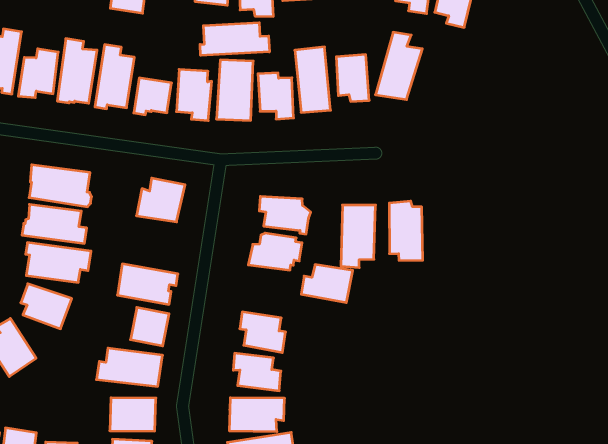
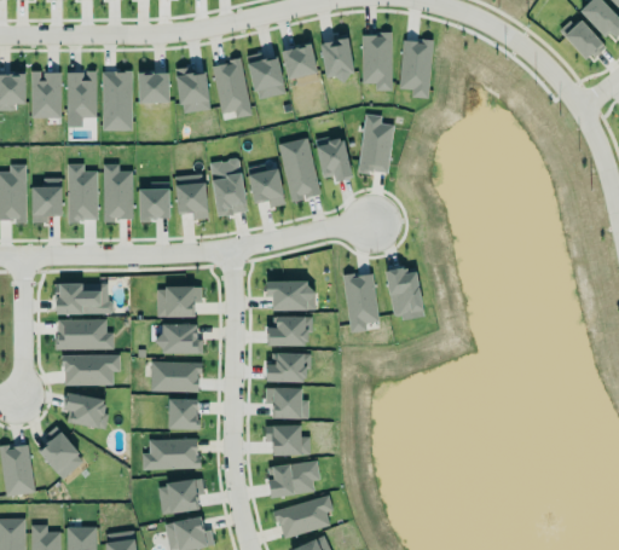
building: [200,23,269,55] -> none
building: none -> [154,324,203,353]
building: [301,265,353,303] -> [266,353,310,383]

